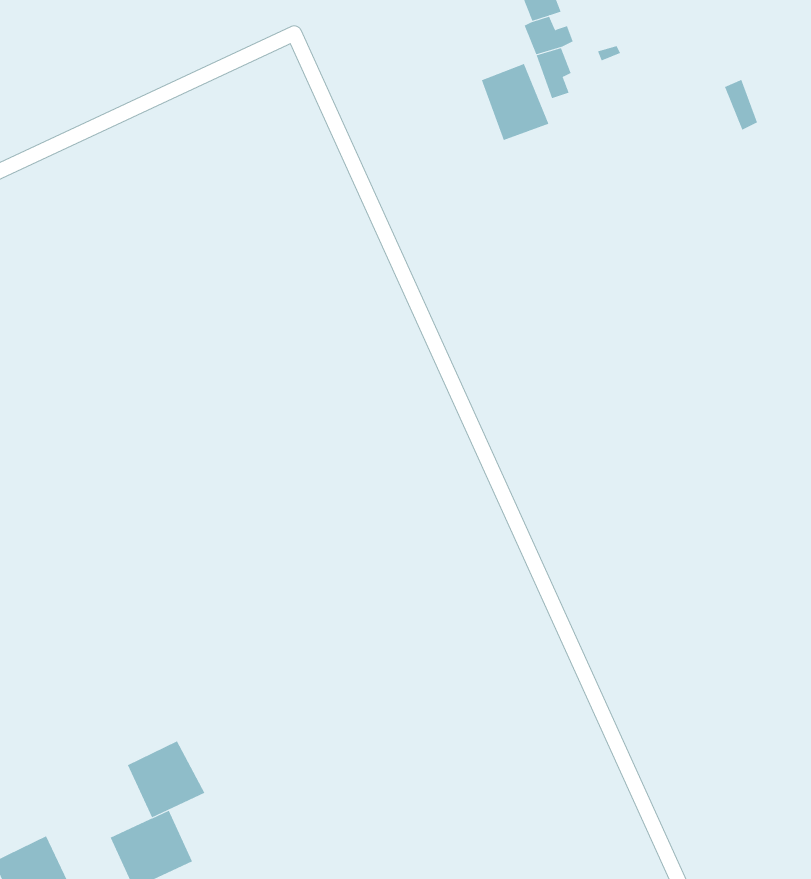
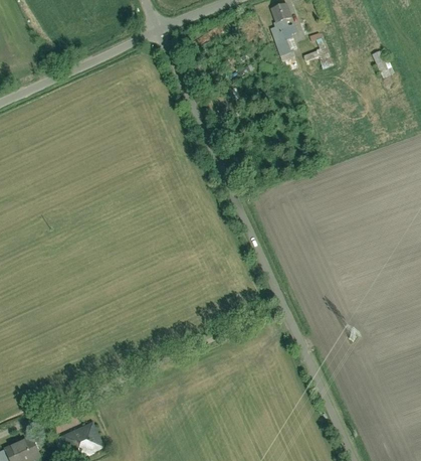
building: [481,63,549,141] -> none
building: [127,740,205,818] -> none

